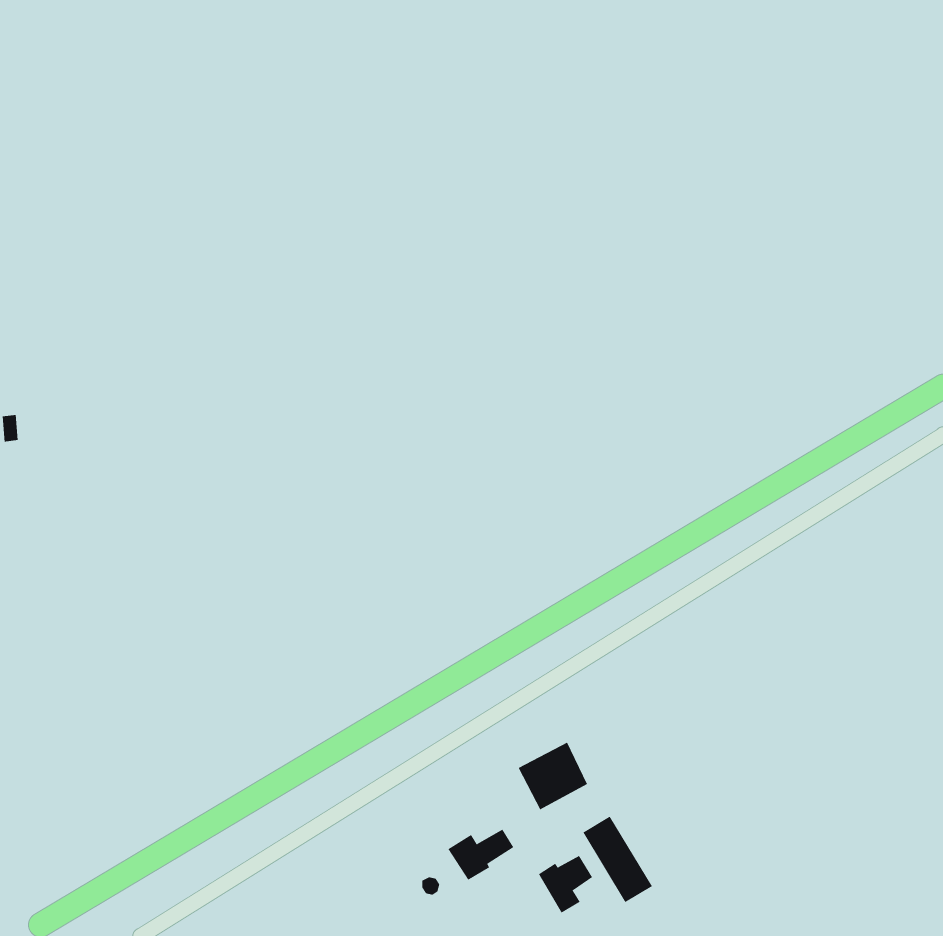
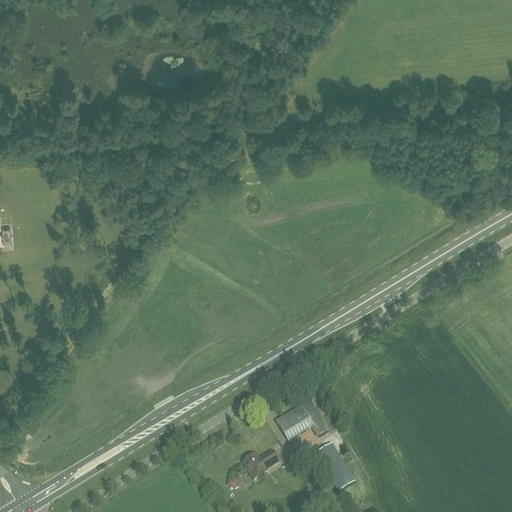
building: [538,855,593,914] -> none

